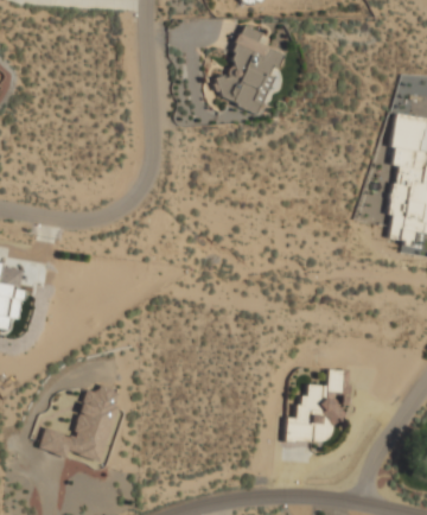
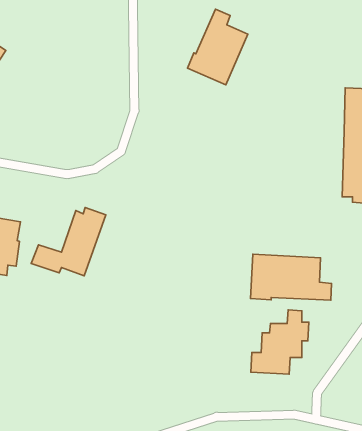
building: none -> [251,254,332,300]
building: [39,384,125,463] -> [31,207,106,276]

